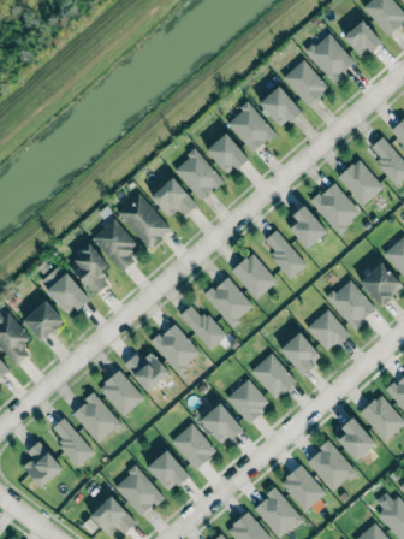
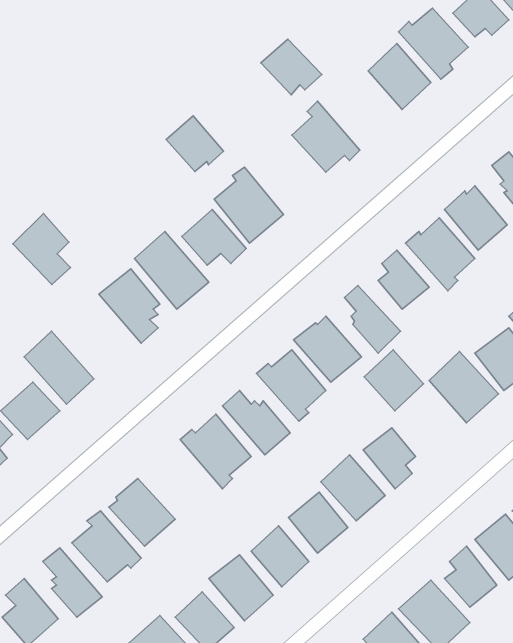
building: [260,88,303,128] -> [261,39,322,95]
building: [207,135,248,174] -> [166,116,224,172]
building: [69,244,109,295] -> [13,213,71,284]
building: [307,309,349,353] -> [364,350,424,411]
building: [124,354,170,393] -> none

